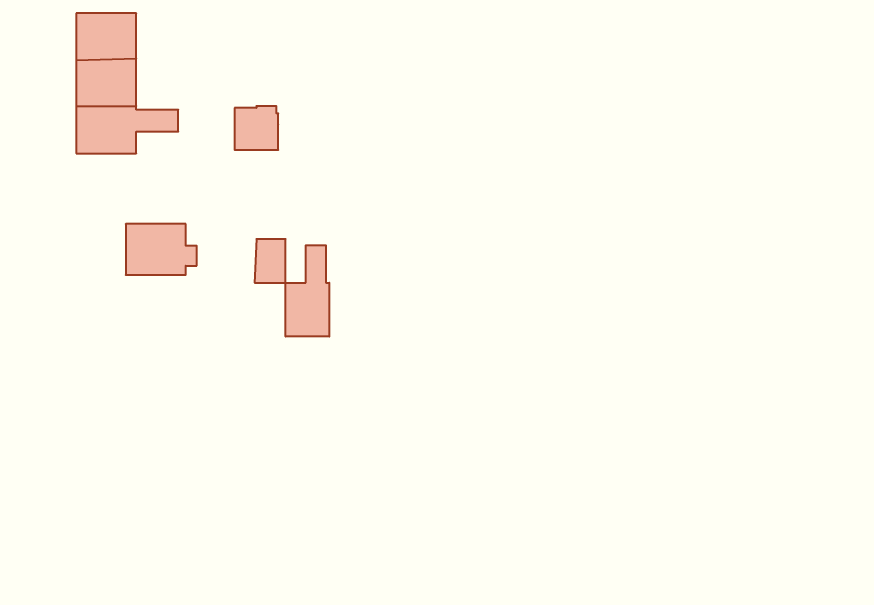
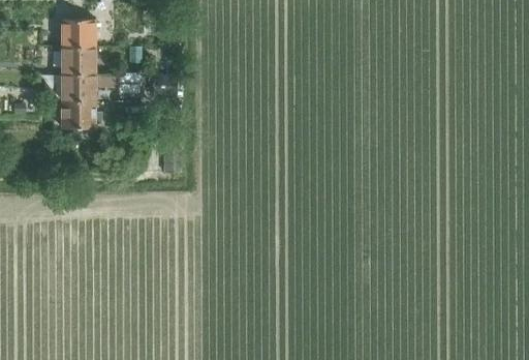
building: [126,224,197,275] -> [61,98,101,127]
building: [286,245,329,337] -> none

